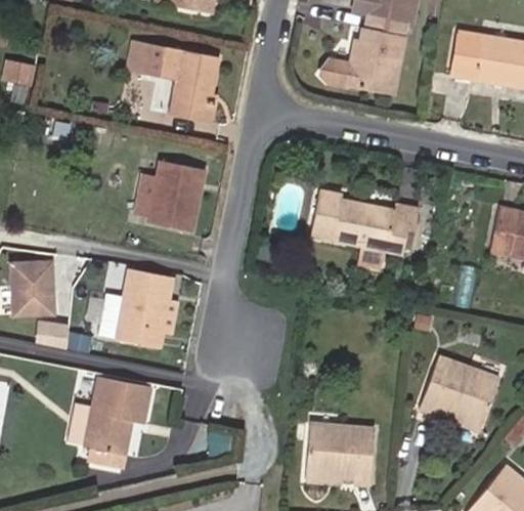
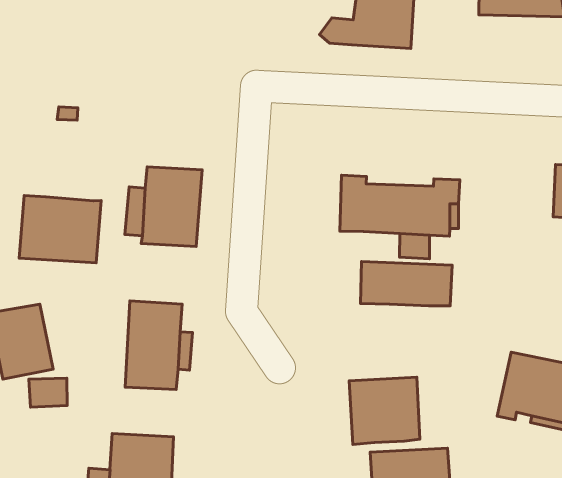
building: [142,43,219,121] -> none
building: none -> [19,196,101,263]
building: none -> [360,261,452,306]
building: none -> [349,377,420,444]

